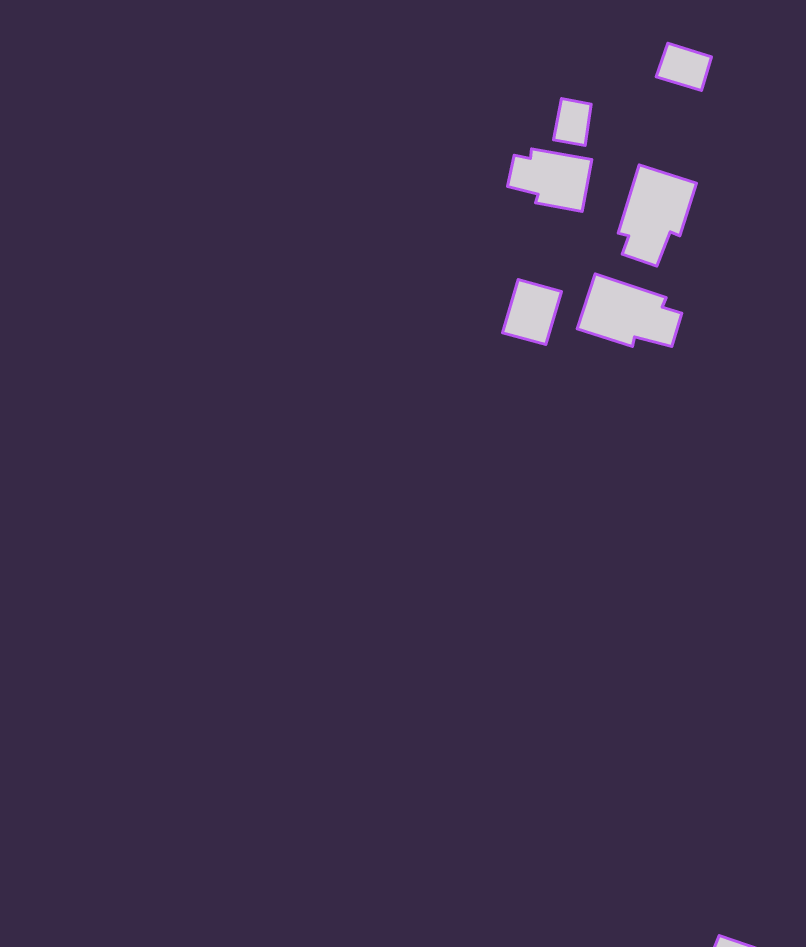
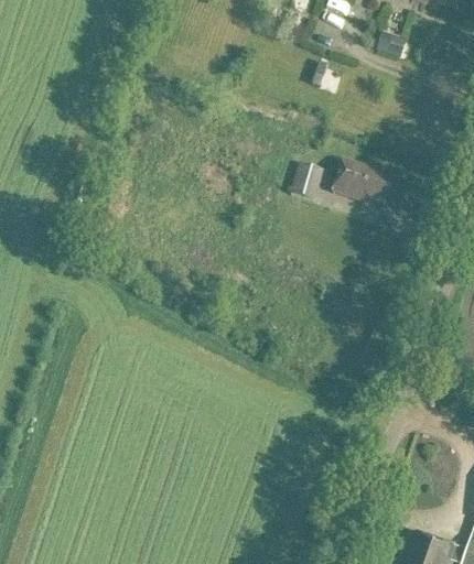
building: [507,149,592,212] -> none
building: [618,165,697,266] -> none

